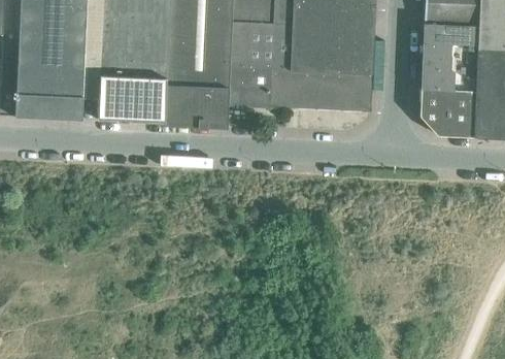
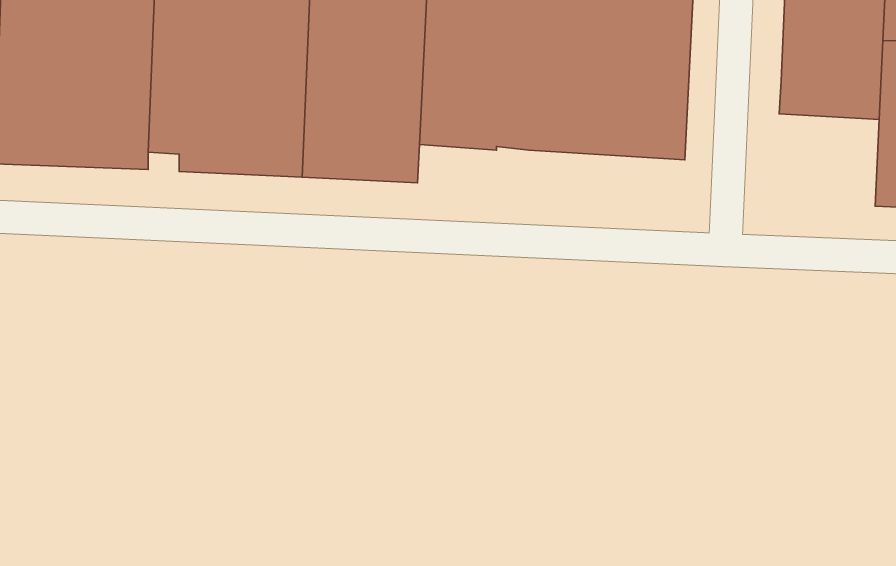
building: [420,87,476,136] -> none

